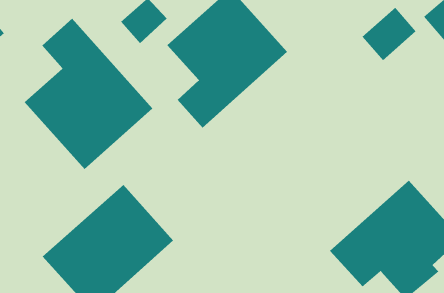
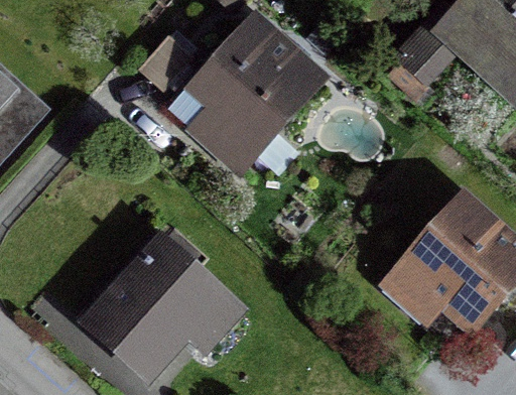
building: [24,18,153,170] -> none

